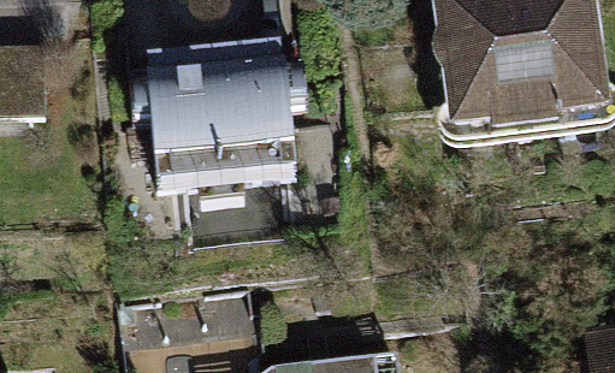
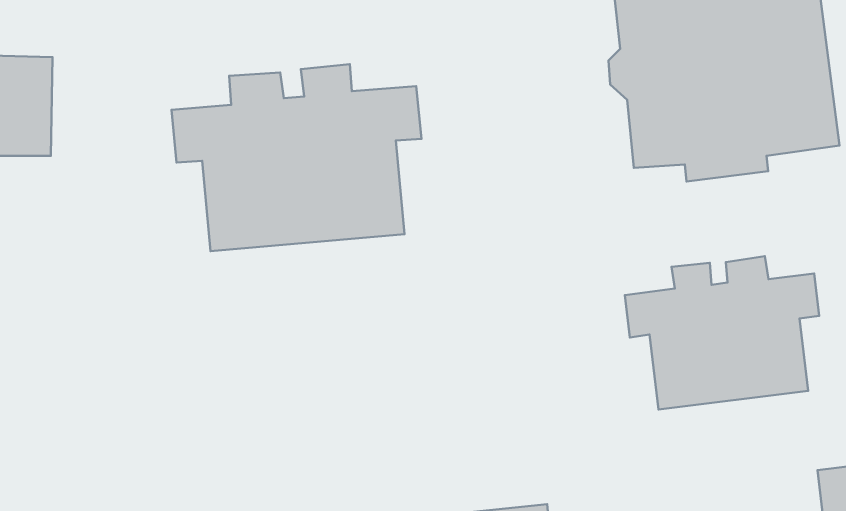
building: none -> [625,256,819,409]

